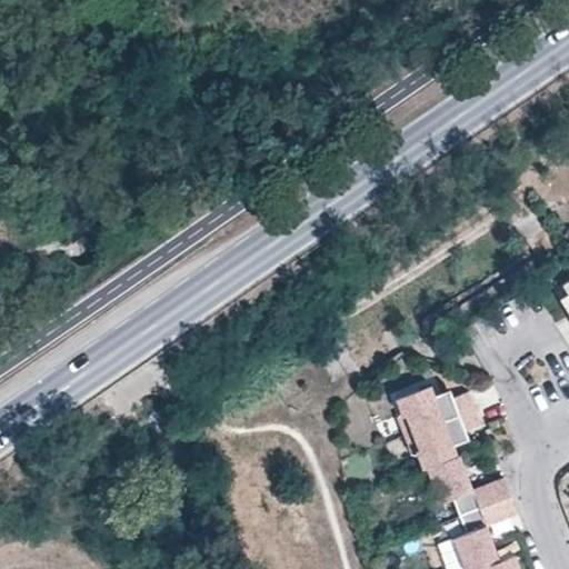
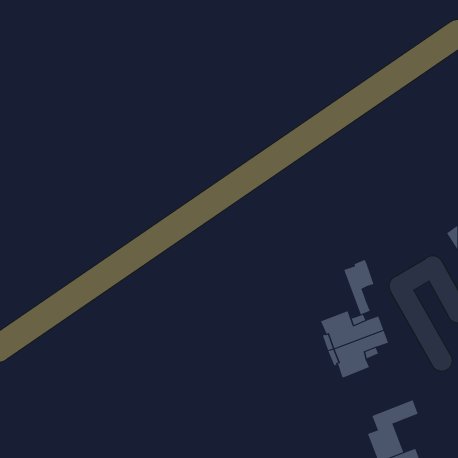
building: none -> [343,259,374,315]
building: [427,456,510,516] -> none

